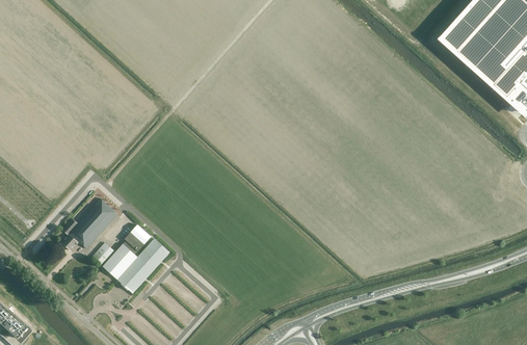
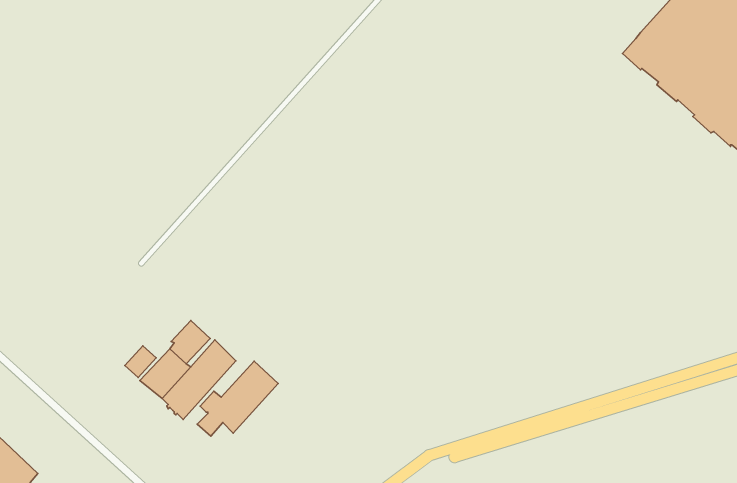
building: [61,198,117,250] -> [197,361,278,436]

